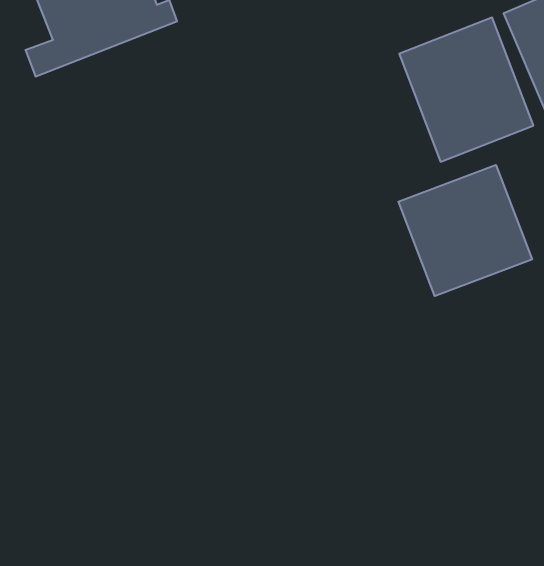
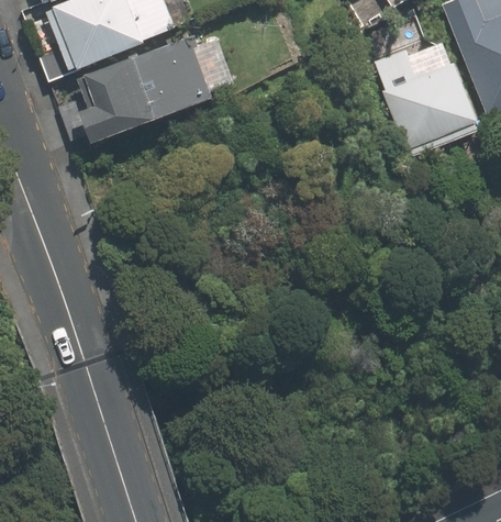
building: none -> [77,35,210,140]
building: [398,165,532,296] -> none

